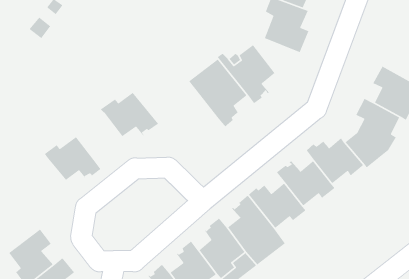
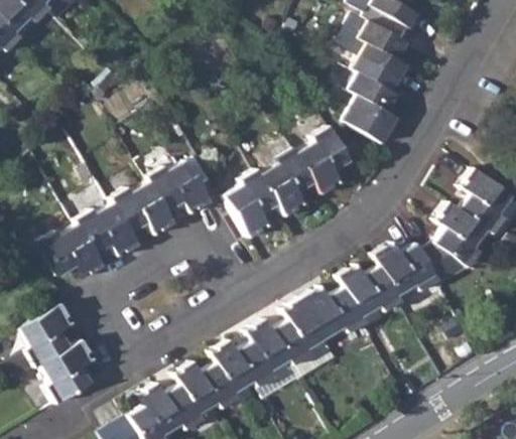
building: none -> [225,166,279,236]
building: none -> [112,180,174,233]
building: none -> [30,224,104,276]

